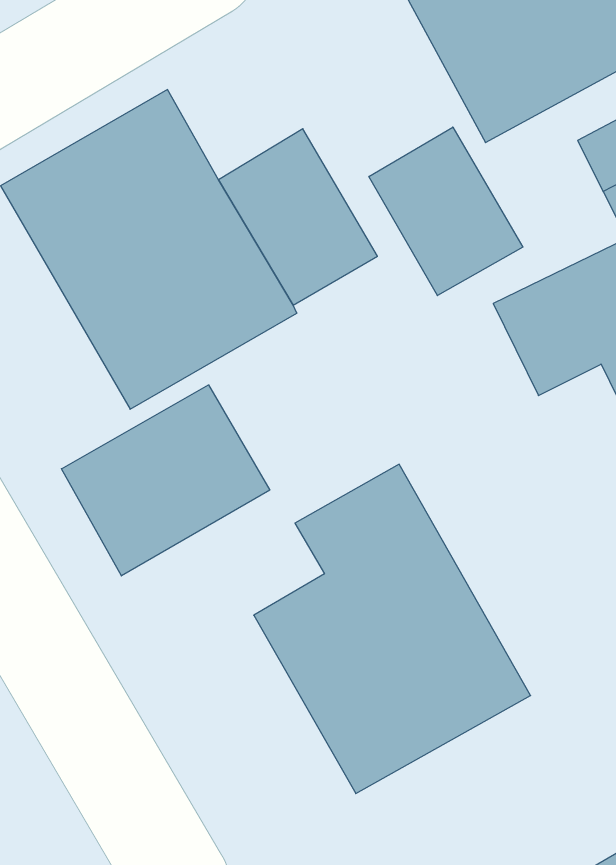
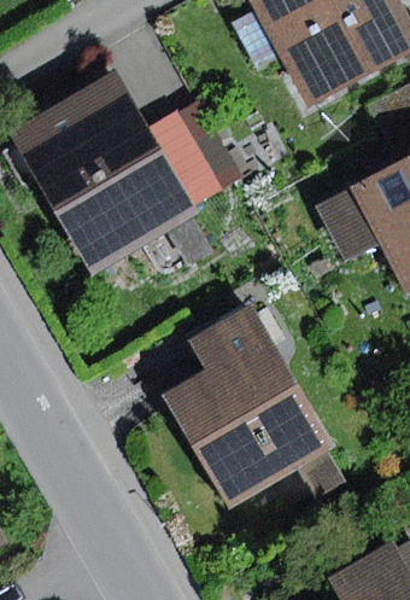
building: [369,127,523,296] -> none
building: [61,385,270,576] -> none

